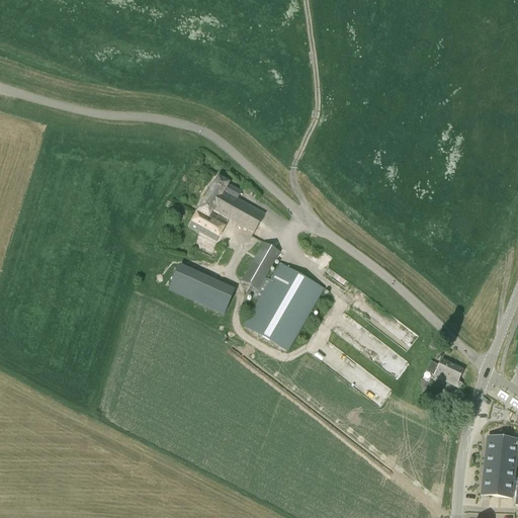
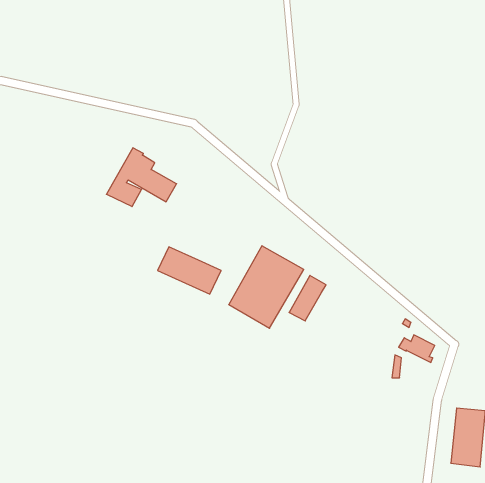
building: [189,176,264,239] -> [106,148,177,207]
building: [241,241,280,289] -> [289,275,326,321]

